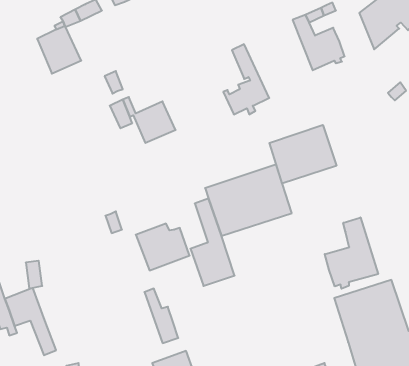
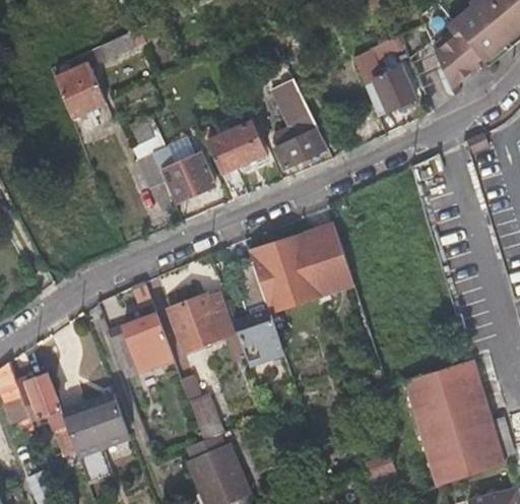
building: none -> [203,120,264,199]
building: [269,125,336,184] -> none
building: [325,217,378,289] -> none
building: none -> [108,314,173,371]
building: none -> [63,391,127,450]

